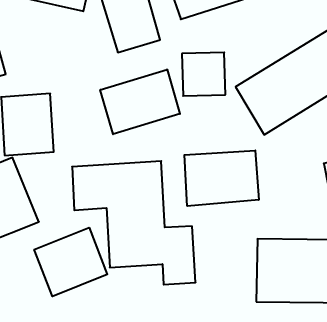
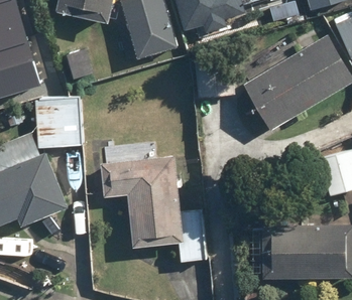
building: [100,69,180,134] -> none
building: [184,150,259,206] -> none
building: [34,228,107,296] -> none

